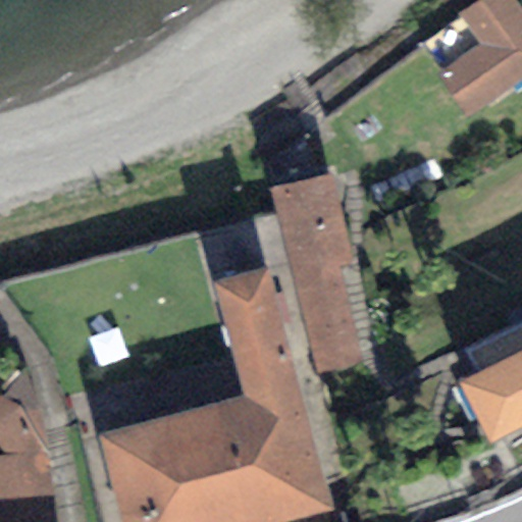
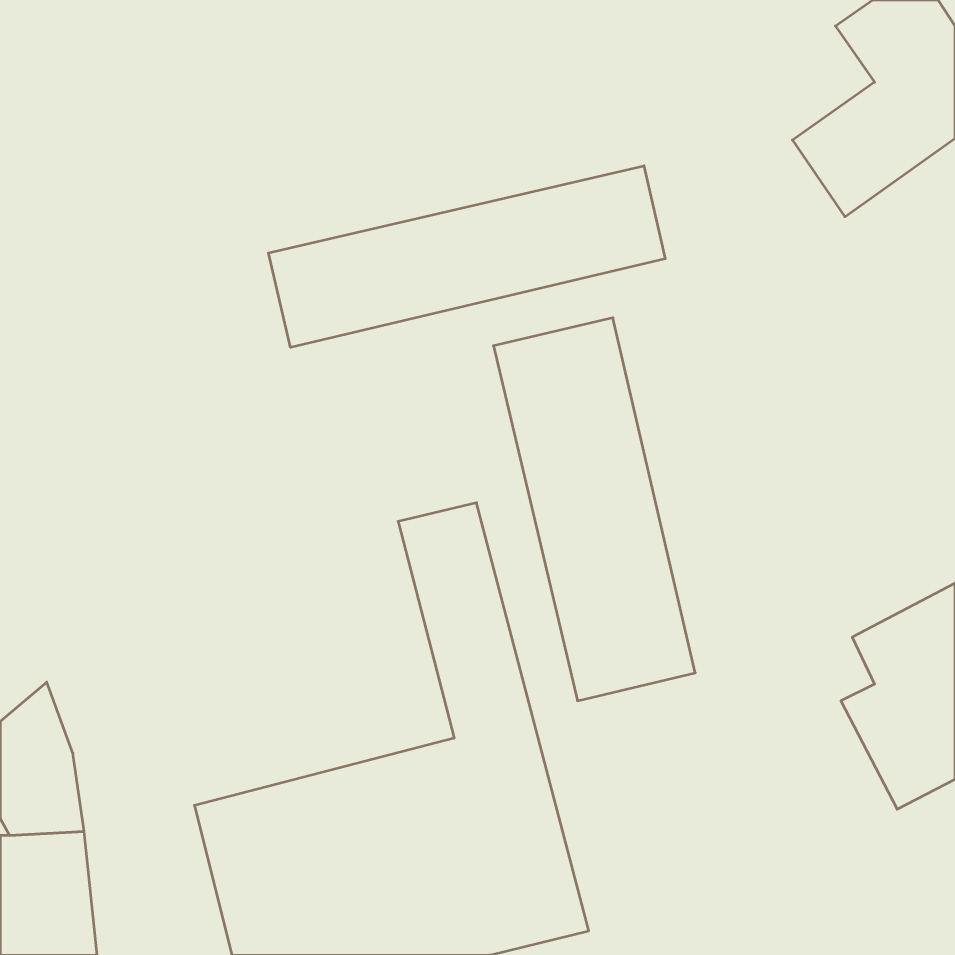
building: none -> [268,166,665,347]

